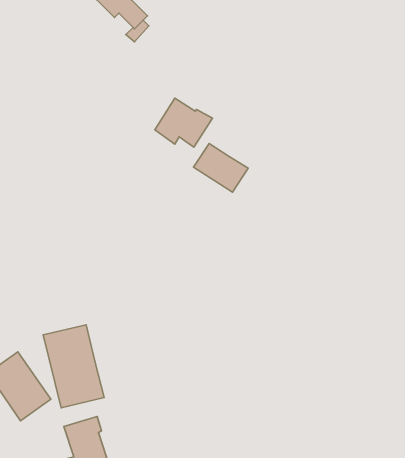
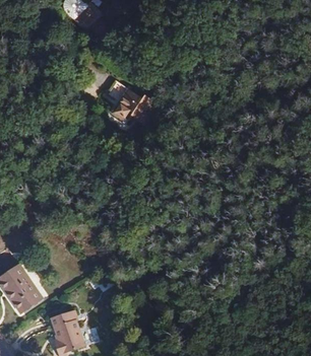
building: [193,143,248,192] -> none
building: [43,325,104,408] -> none

